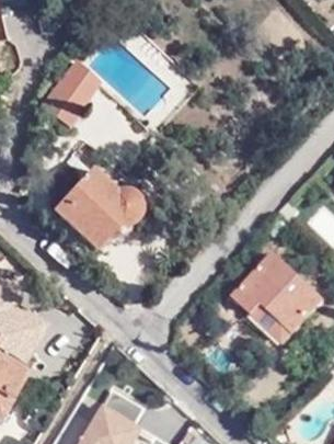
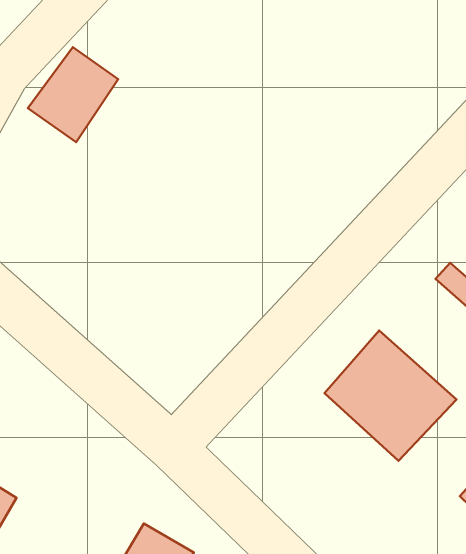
building: [53,168,142,249] -> none

